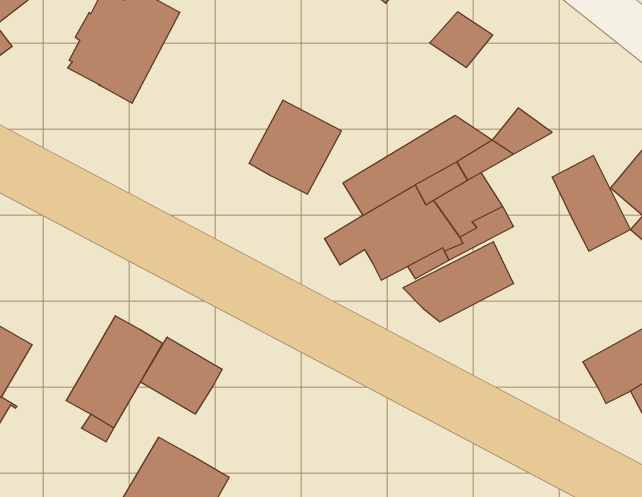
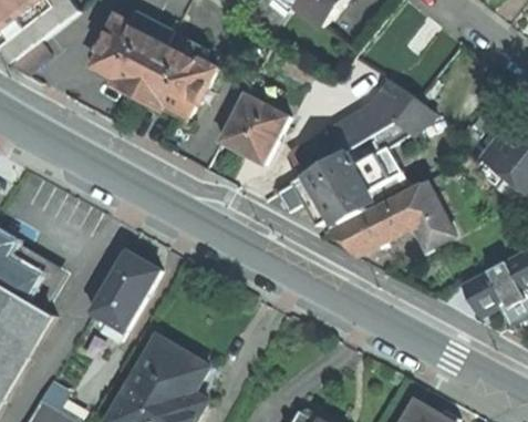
building: [430,12,493,67] -> [370,83,415,123]
building: none -> [137,31,217,121]
building: [552,156,630,251] -> [397,181,454,249]
building: [140,337,222,414] -> none

